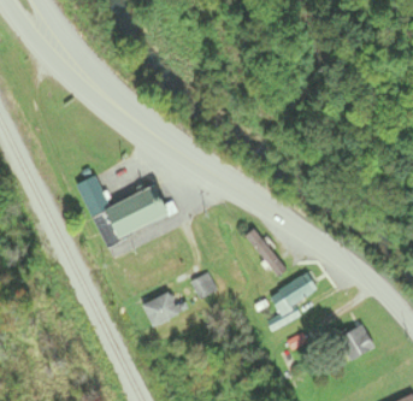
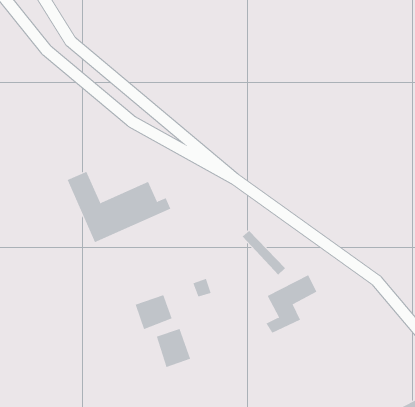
building: [336,323,374,361] -> none
building: none -> [156,328,191,368]

